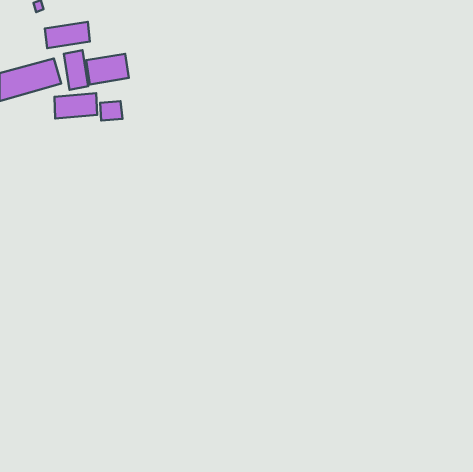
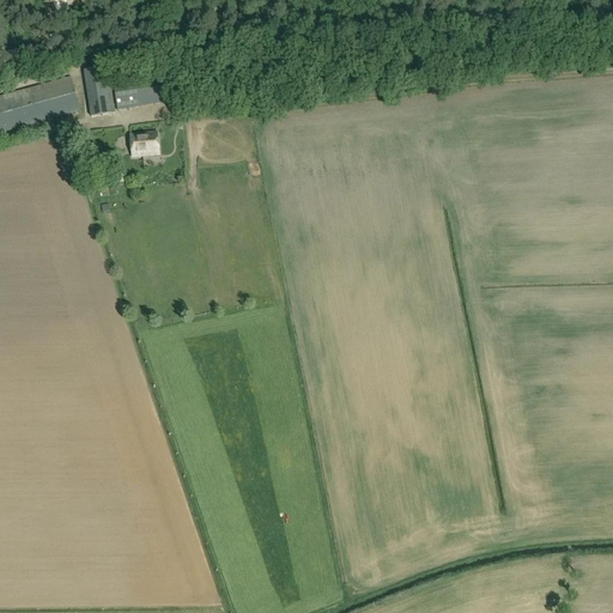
building: [45,22,90,48] -> none
building: [54,93,97,119] -> none

